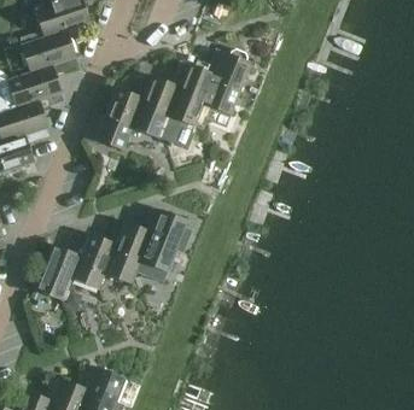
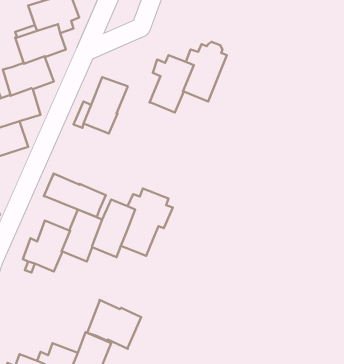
building: [132,76,180,139] -> none
building: none -> [44,173,106,217]
building: none -> [87,300,141,349]

